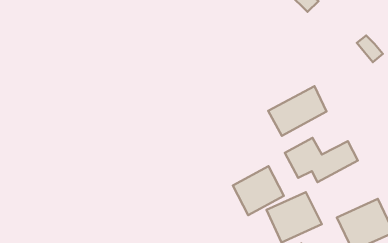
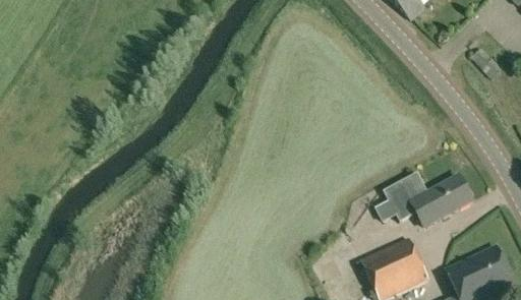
building: [268,86,327,136] -> none
building: [233,166,284,215] -> none

